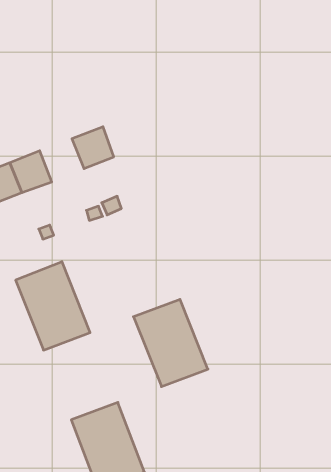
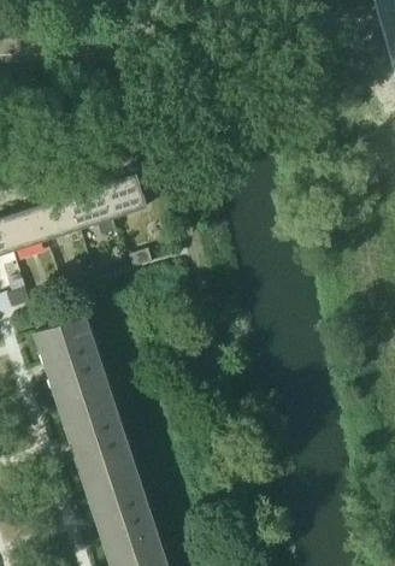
building: none -> [67,184,117,234]
building: [133,299,208,387] -> [59,391,135,483]

